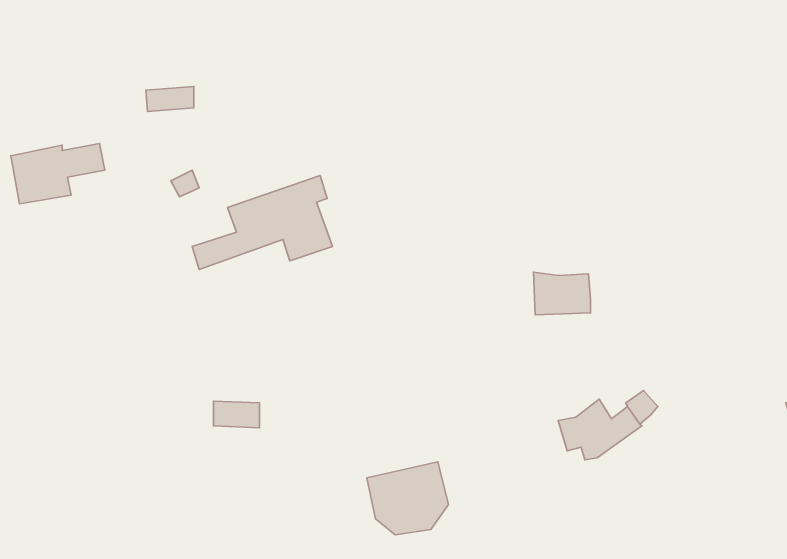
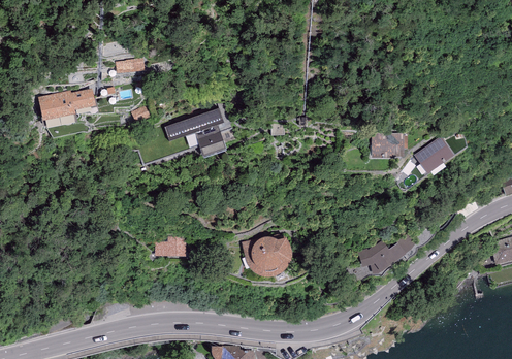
building: none -> [416,136,455,174]
building: [534,272,590,315] -> [372,132,405,157]
building: [367,462,449,535] -> [237,230,285,272]

